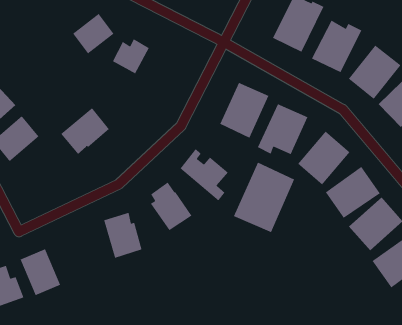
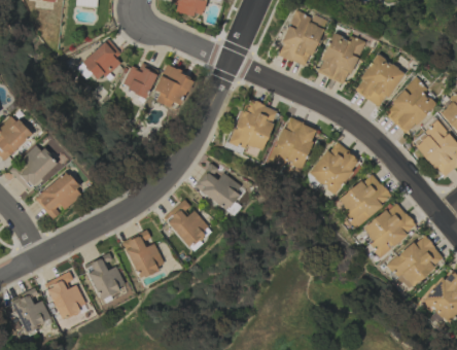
building: none -> [155,66,194,108]
building: [60,107,110,155] -> [35,172,83,219]
building: [233,161,295,233] -> none
building: none -> [84,254,126,300]

